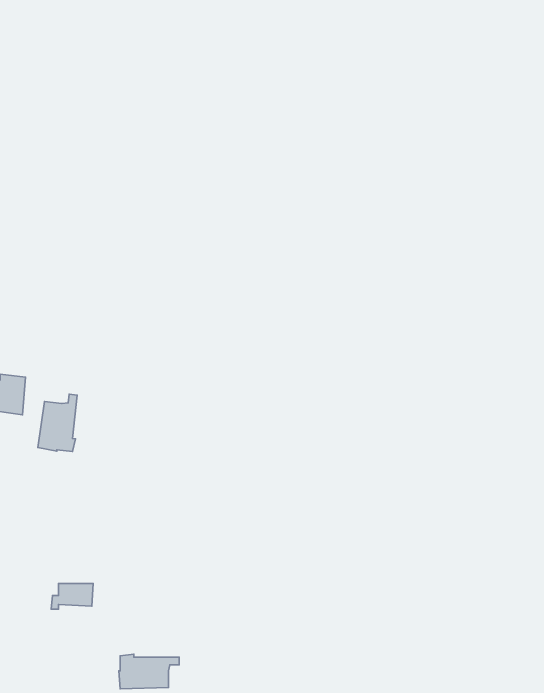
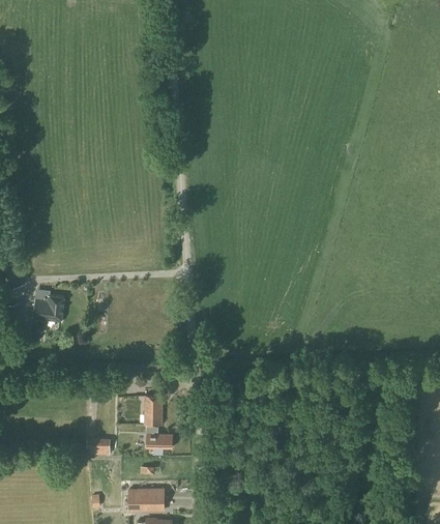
building: [38,394,77,452] -> none
building: none -> [143,395,172,447]

